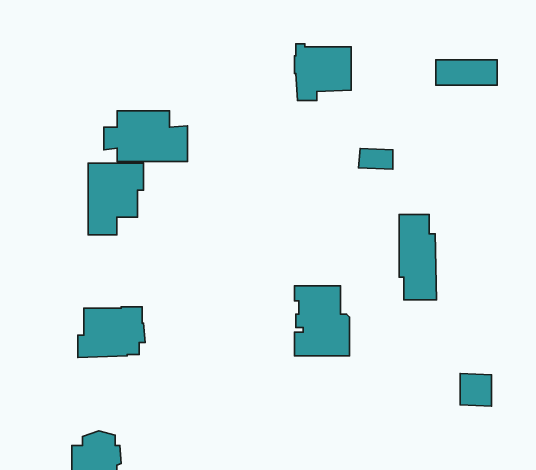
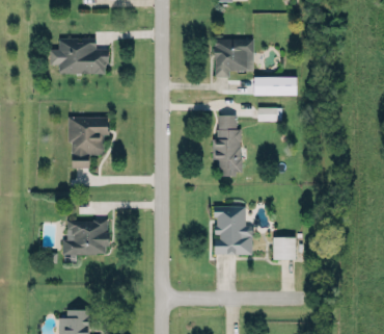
building: [436,60,497,85] -> [253,79,296,97]
building: [104,111,187,162] -> [50,40,108,75]
building: [399,215,437,300] -> [216,117,242,176]
building: [460,373,492,406] -> [273,238,295,261]

